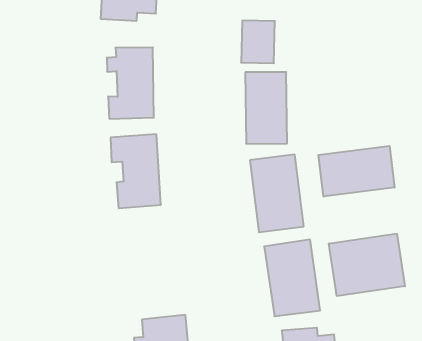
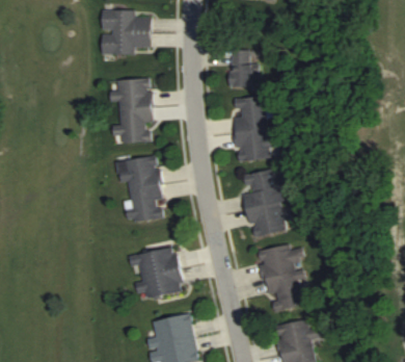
building: [318,146,395,197] -> none
building: [329,234,405,296] -> none
building: none -> [129,247,184,301]

